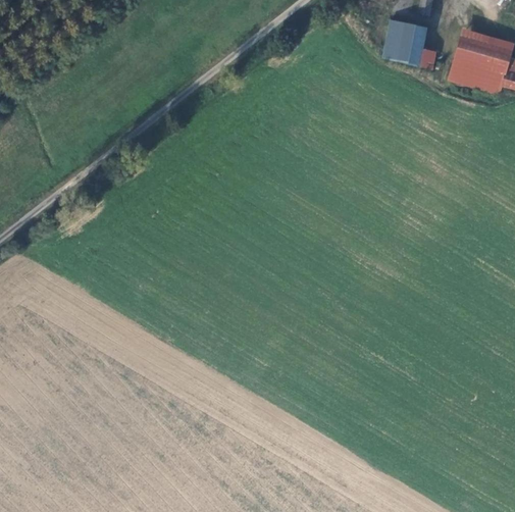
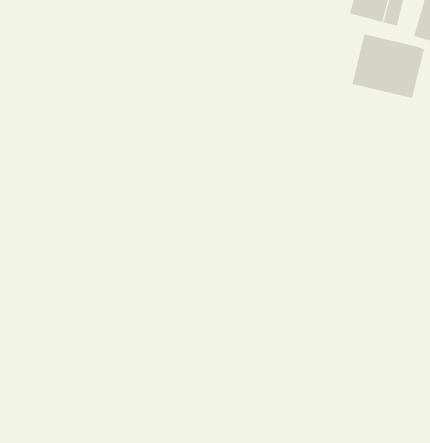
building: none -> [351,34,425,99]

